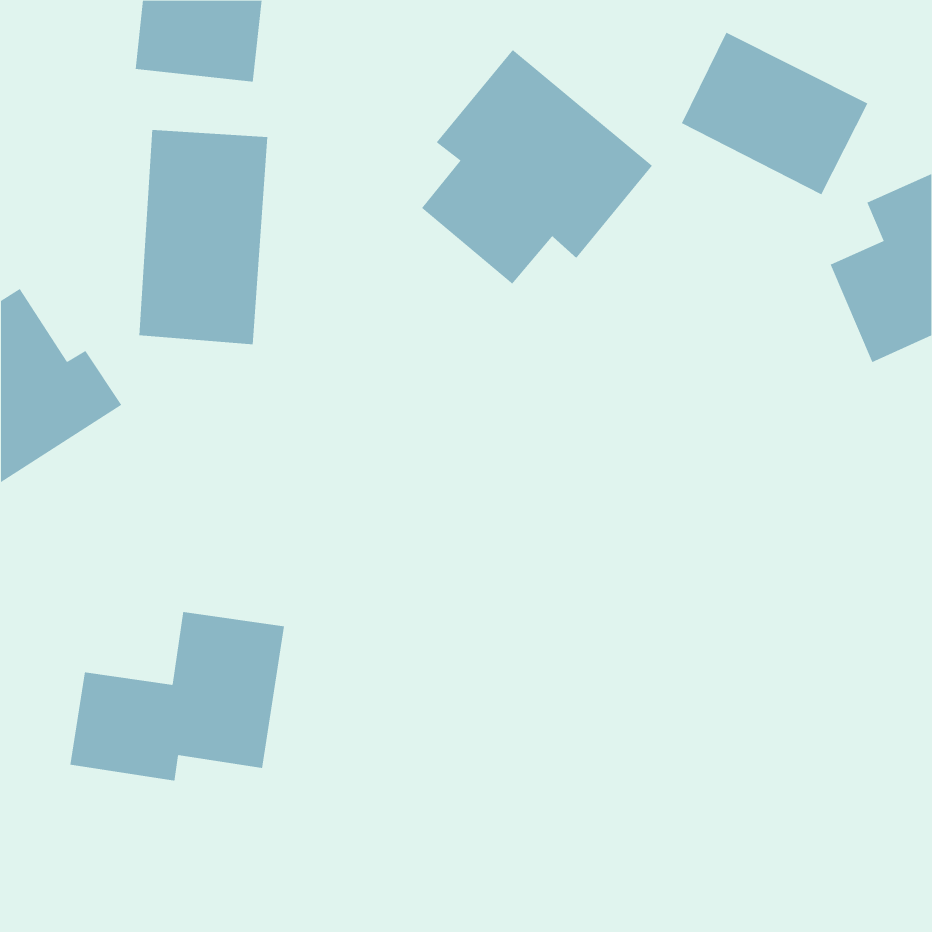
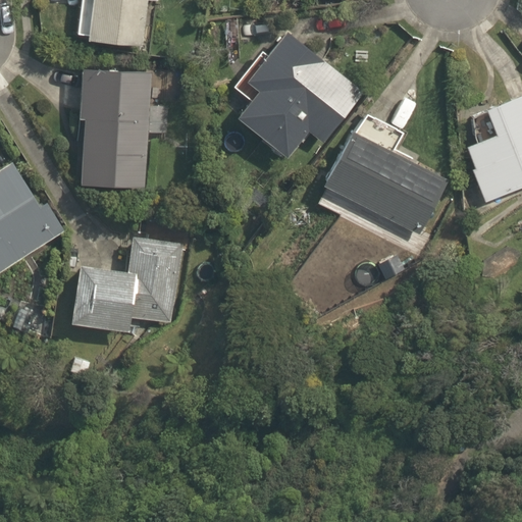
building: [681,32,868,195] -> none
building: none -> [321,108,453,239]
building: [70,612,285,781] -> [67,238,188,332]

